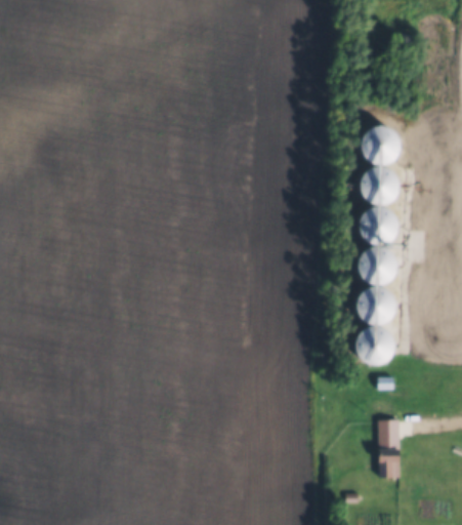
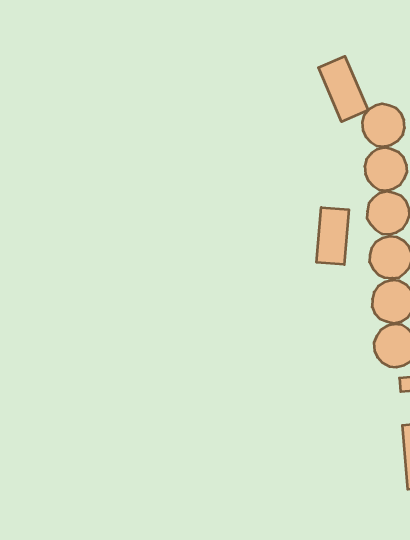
building: none -> [318,56,368,122]
building: none -> [317,207,349,265]

